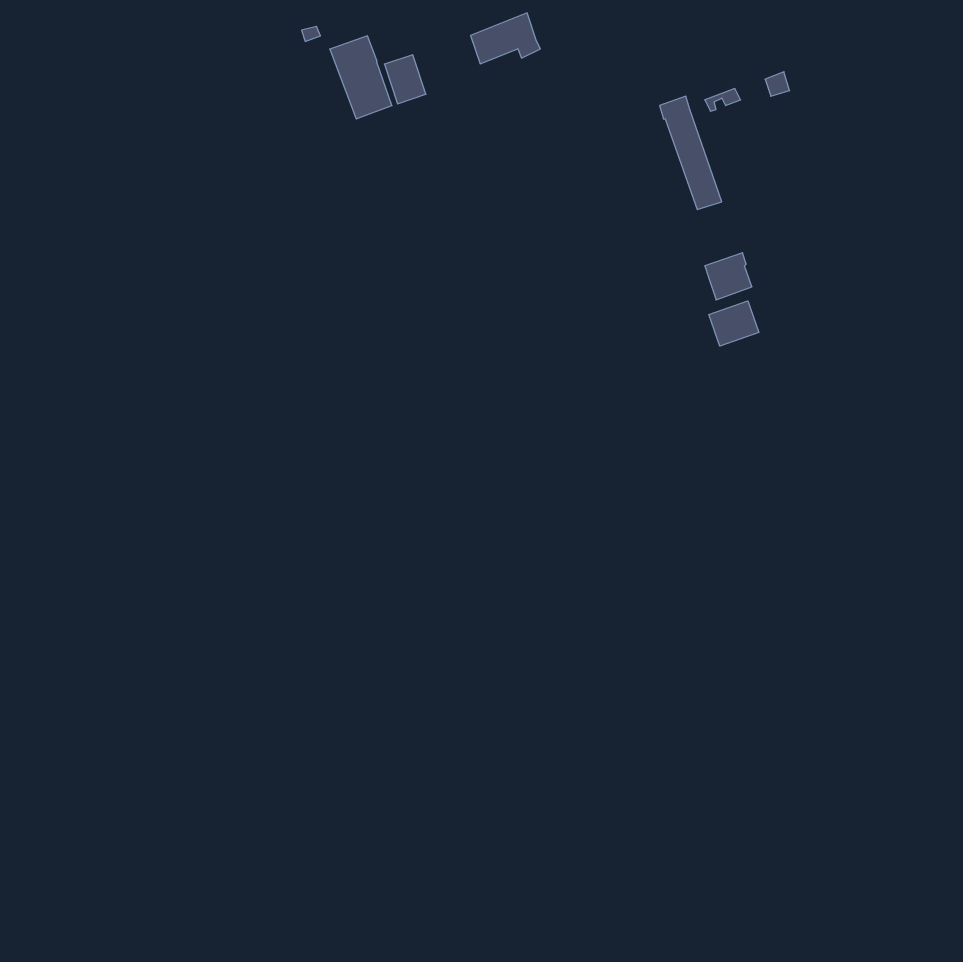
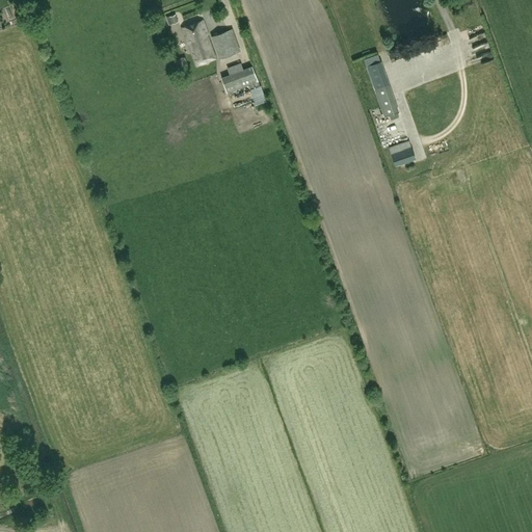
building: [471,13,540,64] -> [221,64,260,92]
building: [709,301,759,346] -> none

